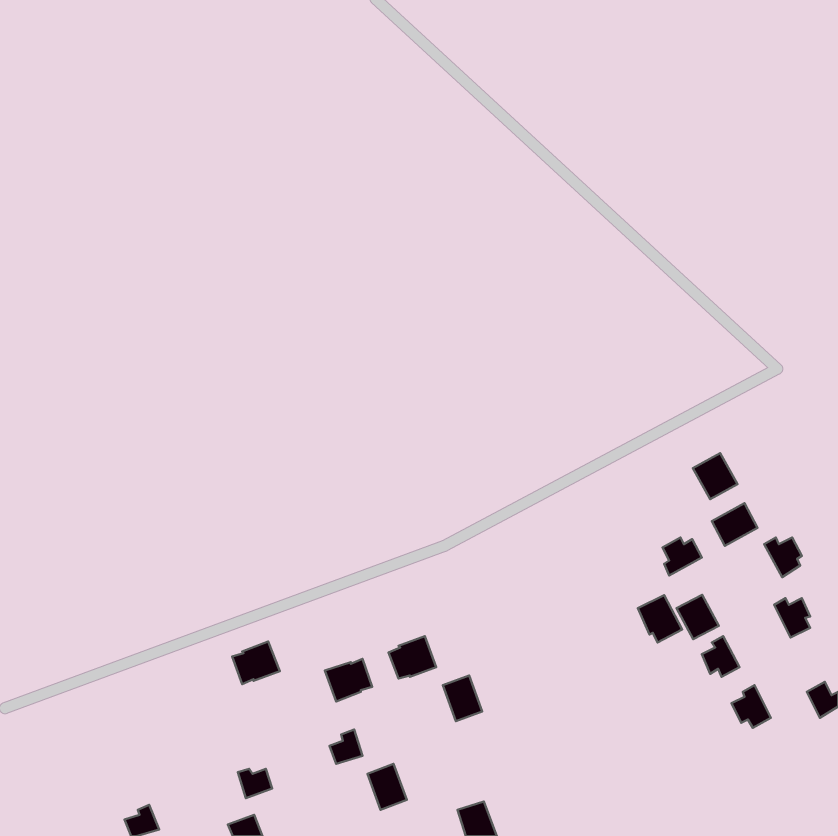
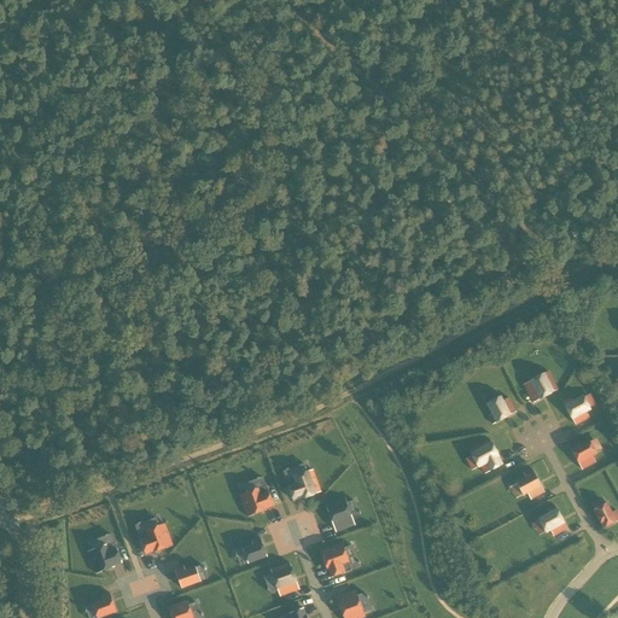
building: [693,453,737,499] -> none
building: [676,595,719,639] -> none
building: [232,642,280,684] -> [138,523,173,554]
building: none -> [320,542,351,577]
building: none -> [88,543,122,573]

